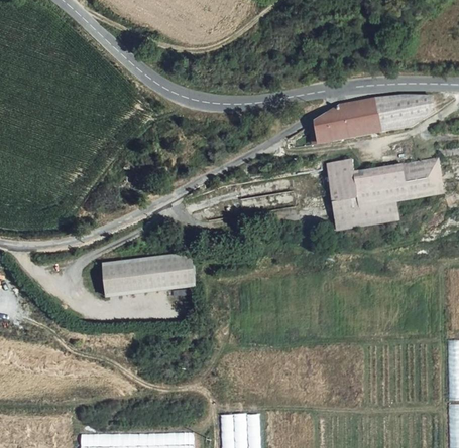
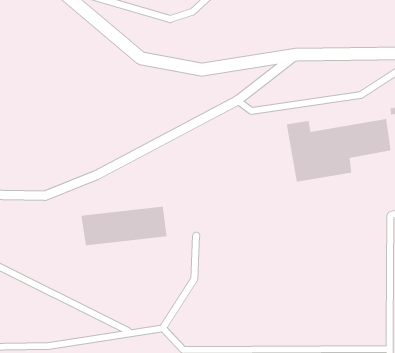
building: [315,95,433,140] -> none

